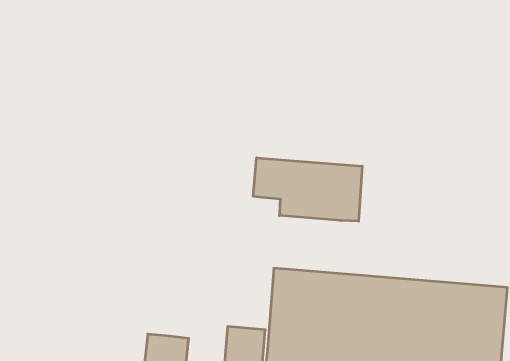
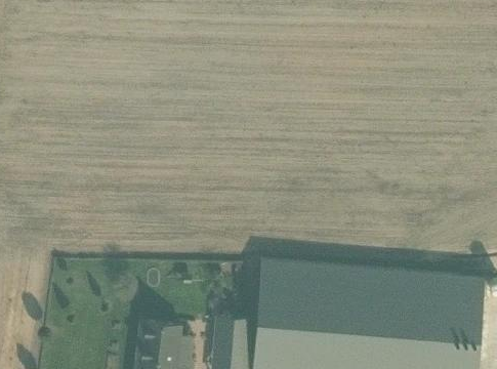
building: [253,158,362,221] -> none

